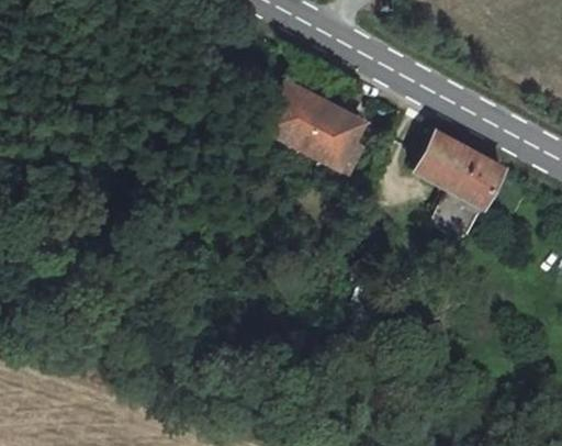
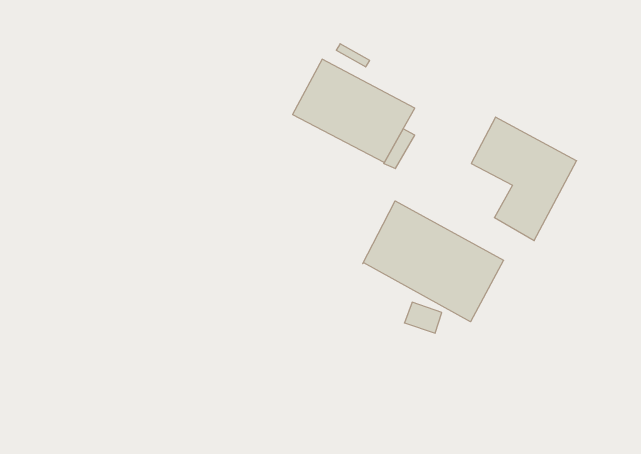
building: none -> [363,201,504,322]

